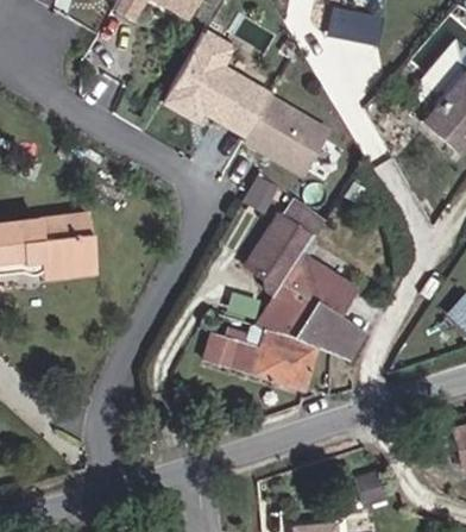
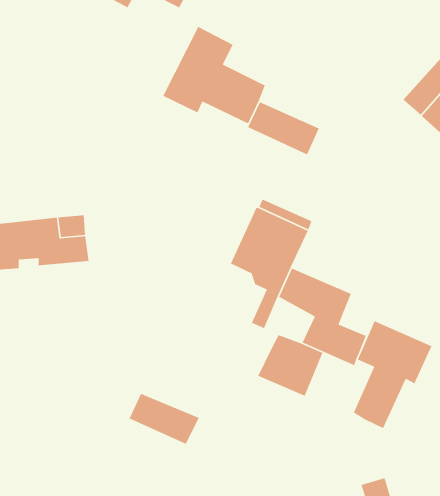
building: [267,298,315,342] -> none
building: none -> [353,320,432,429]
building: [204,324,273,374] -> [128,393,200,445]

